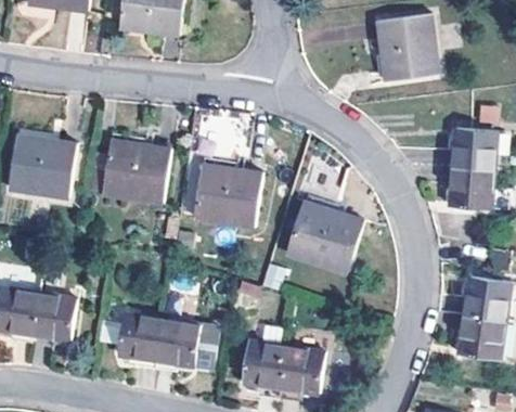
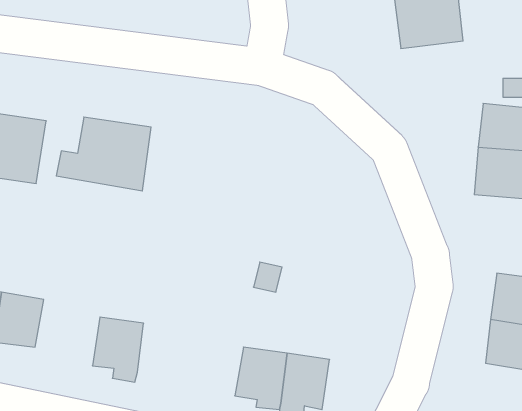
building: [194,165,261,226] -> none
building: [287,202,363,272] -> none
building: [154,318,218,371] -> none

